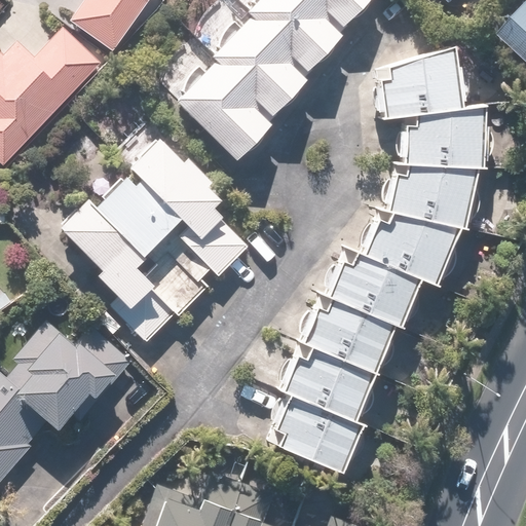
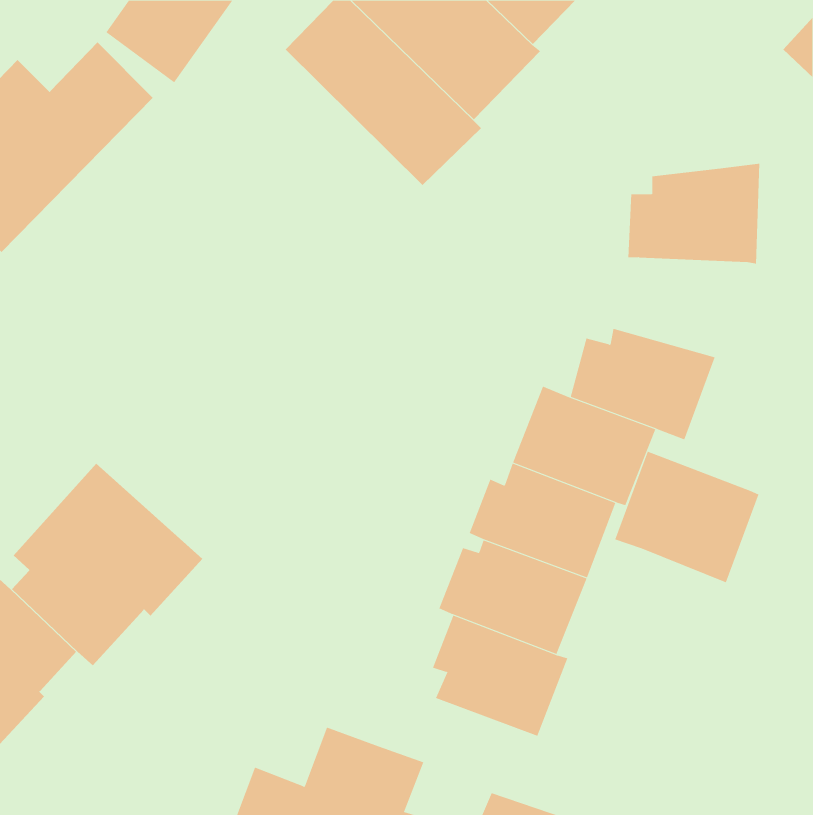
building: [146,34,274,160] -> none
building: [381,48,462,116] -> none
building: [61,117,248,345] -> none
building: [387,167,480,232] -> none
building: none -> [614,451,759,583]

